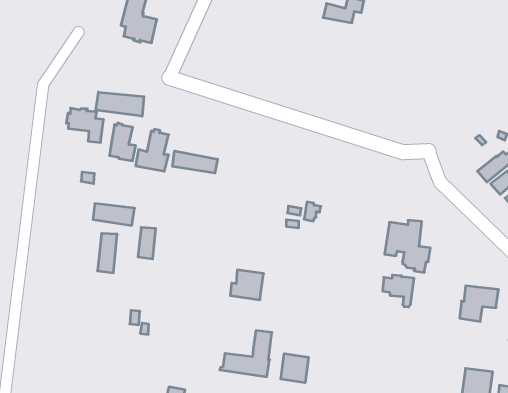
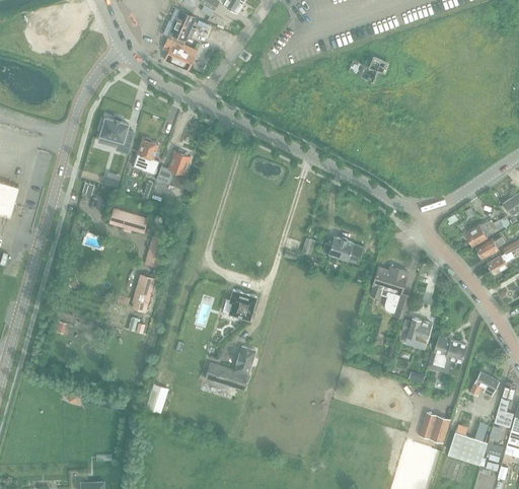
building: [96,92,144,116] -> none
building: [172,151,218,173] -> none
building: none -> [322,235,364,263]
building: [97,233,117,273] -> [132,274,155,311]
building: [383,275,414,307] -> [401,317,432,348]
building: [281,354,309,383] -> none

